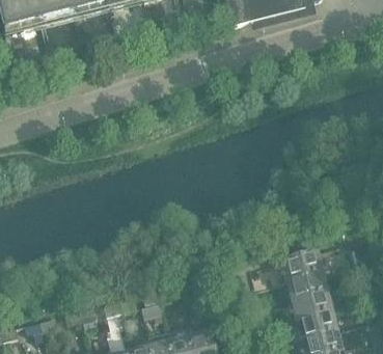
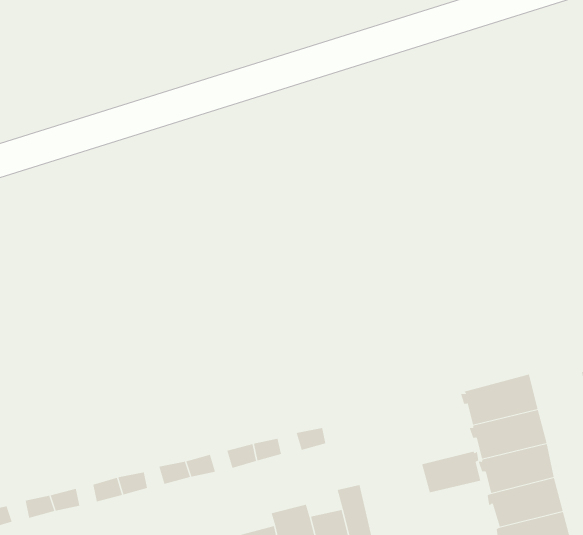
building: none -> [422,451,481,493]

